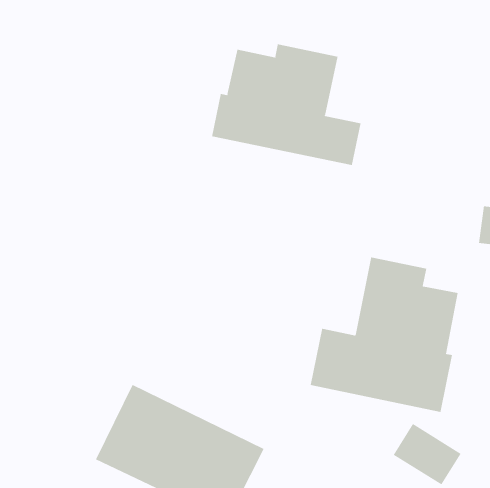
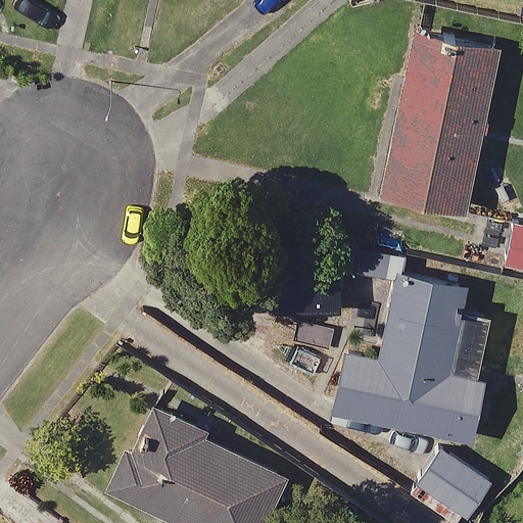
building: none -> [380,36,497,211]
building: [211,43,361,166] -> none

